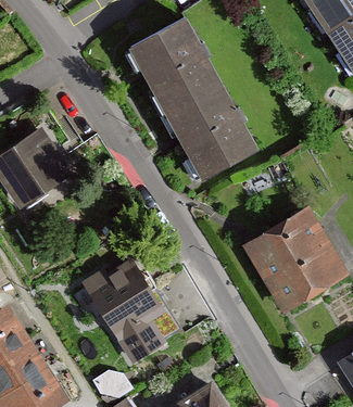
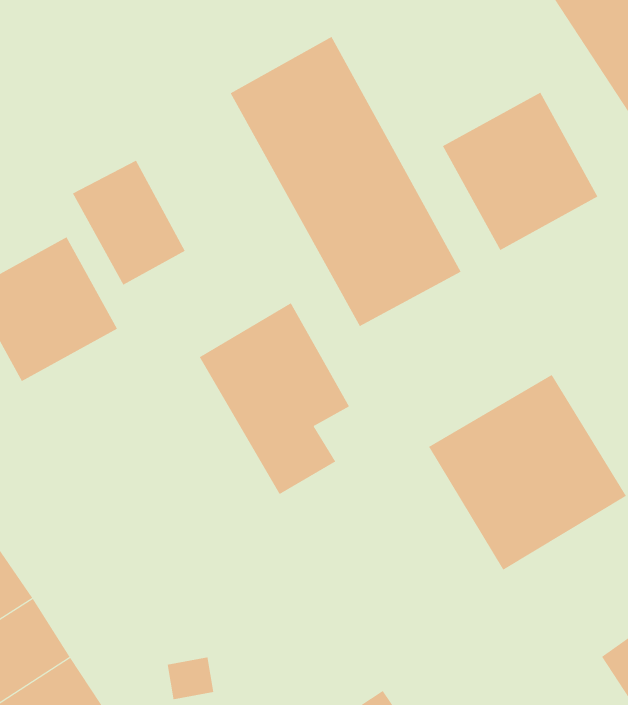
building: none -> [442,92,598,251]
building: none -> [72,160,186,286]
building: [83,255,166,361] -> [199,302,350,495]

